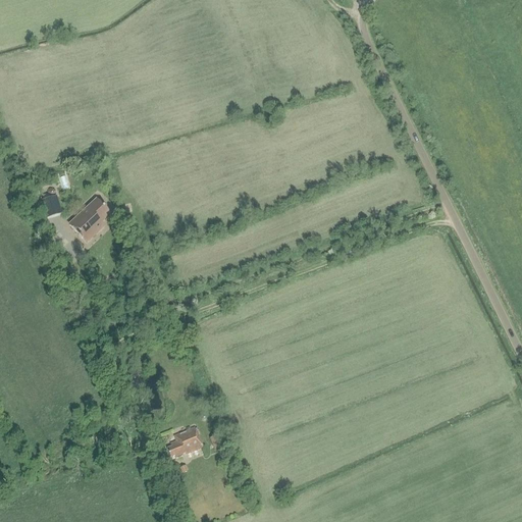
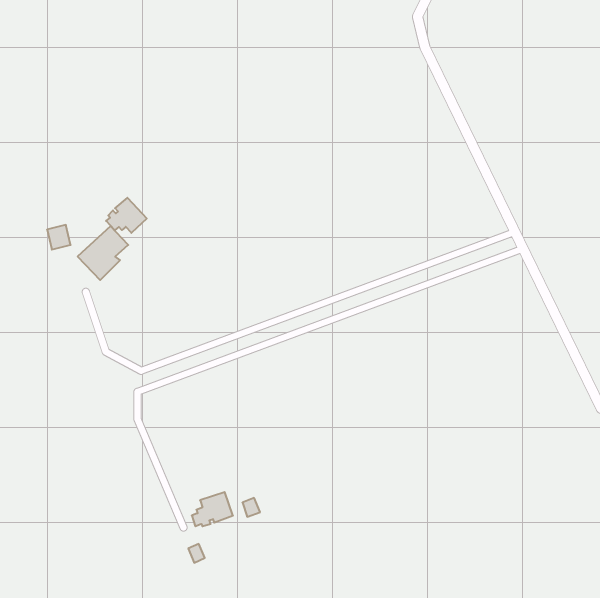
building: none -> [106,198,147,233]

